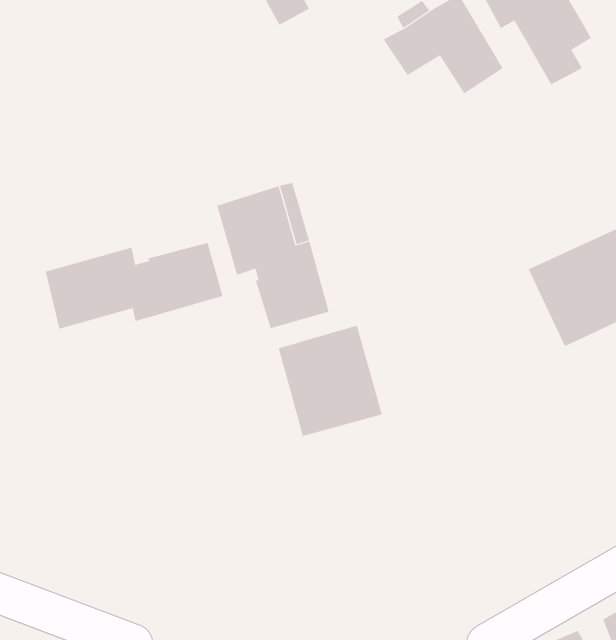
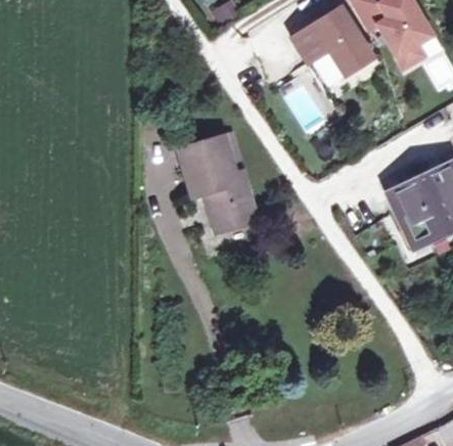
building: [45,242,223,330] -> none
building: [278,325,383,437] -> none

